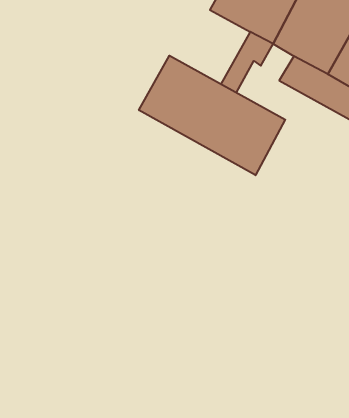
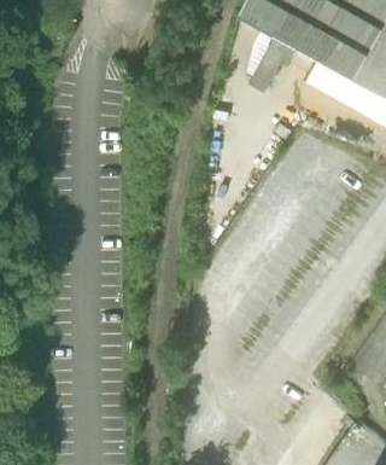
building: [139,56,285,175] -> none

